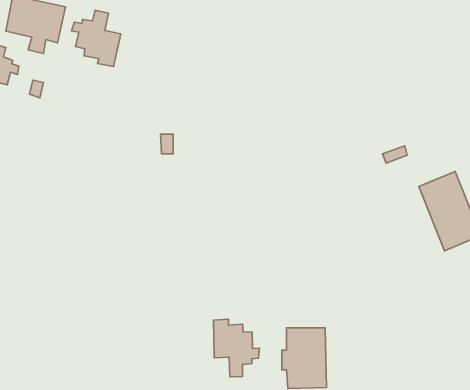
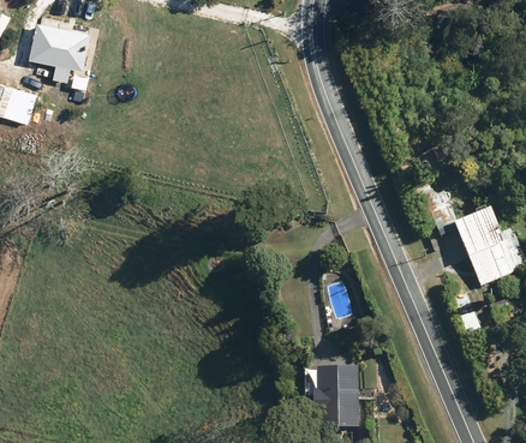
building: [71,10,121,67] -> none
building: [213,319,259,377] -> none

